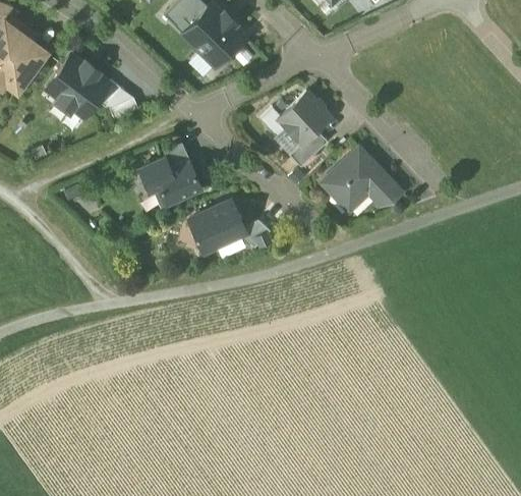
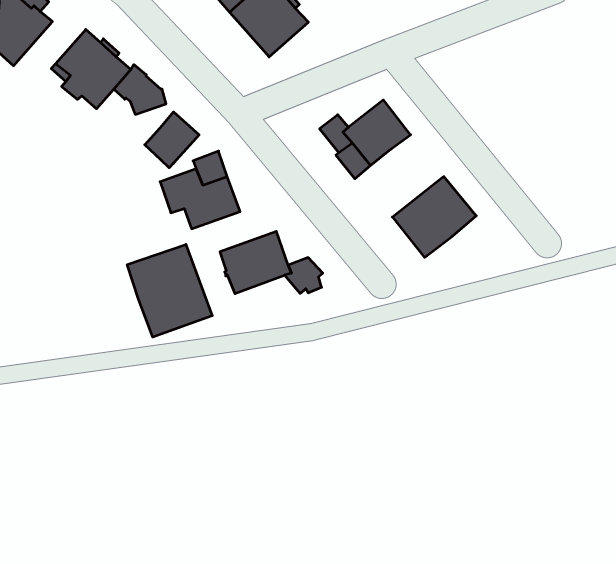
building: none -> [145,112,199,168]
building: [291,130,329,167] -> none
building: [370,177,403,207] -> none
building: none -> [127,244,212,337]

